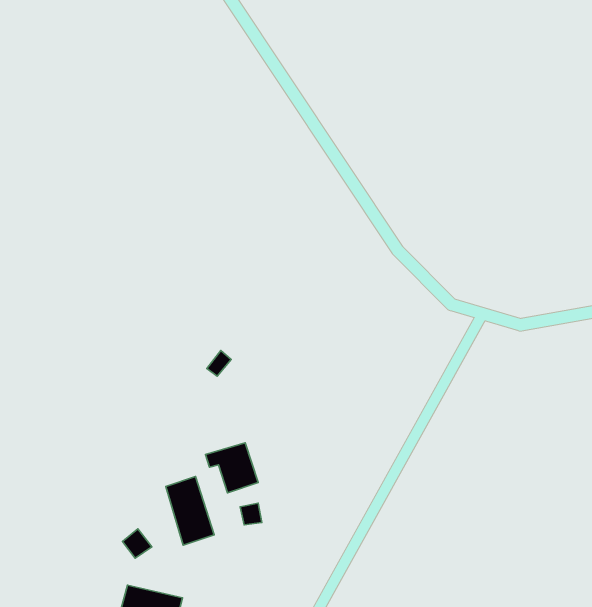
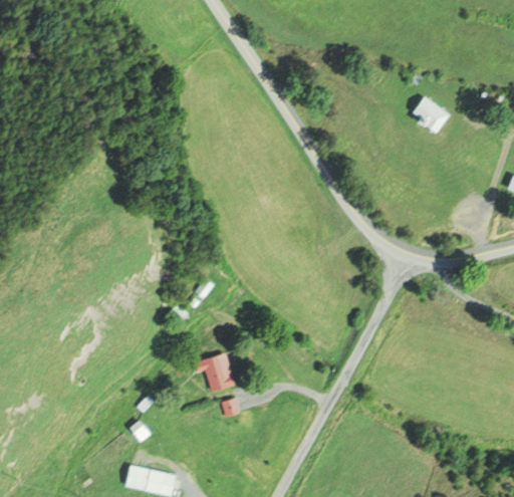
building: none -> [414,96,450,133]
building: [166,477,214,545] -> none

